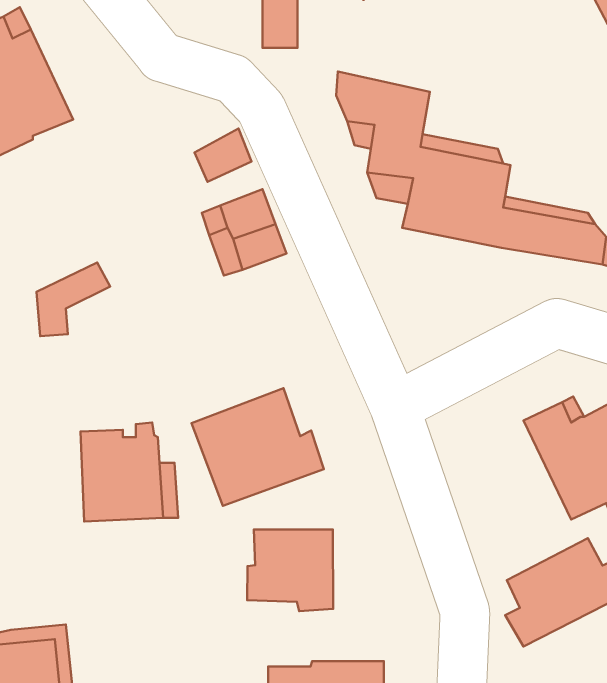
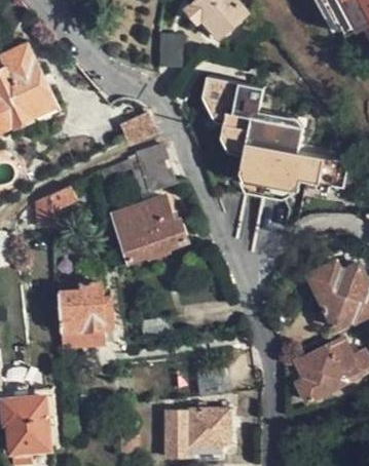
building: none -> [236,167,295,199]
building: [192,388,324,506] -> [112,197,186,263]
building: [247,529,333,611] -> none

